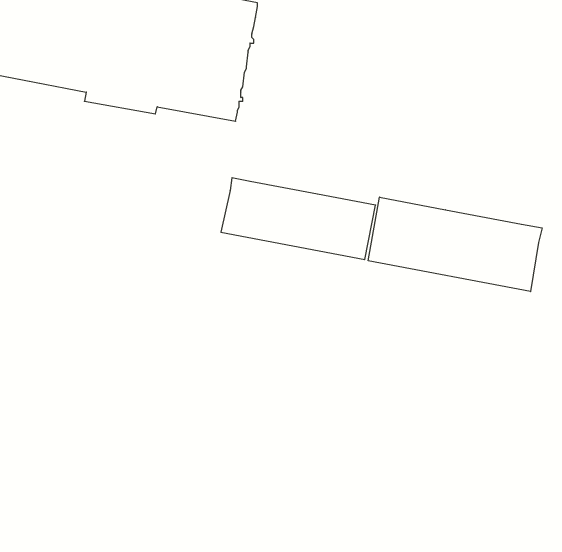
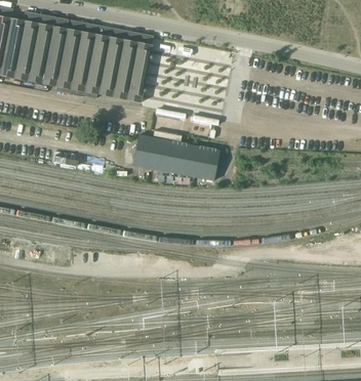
building: [368,197,542,292] -> none

